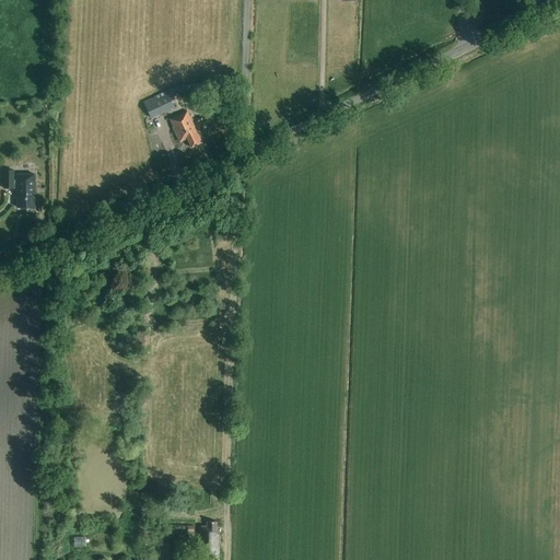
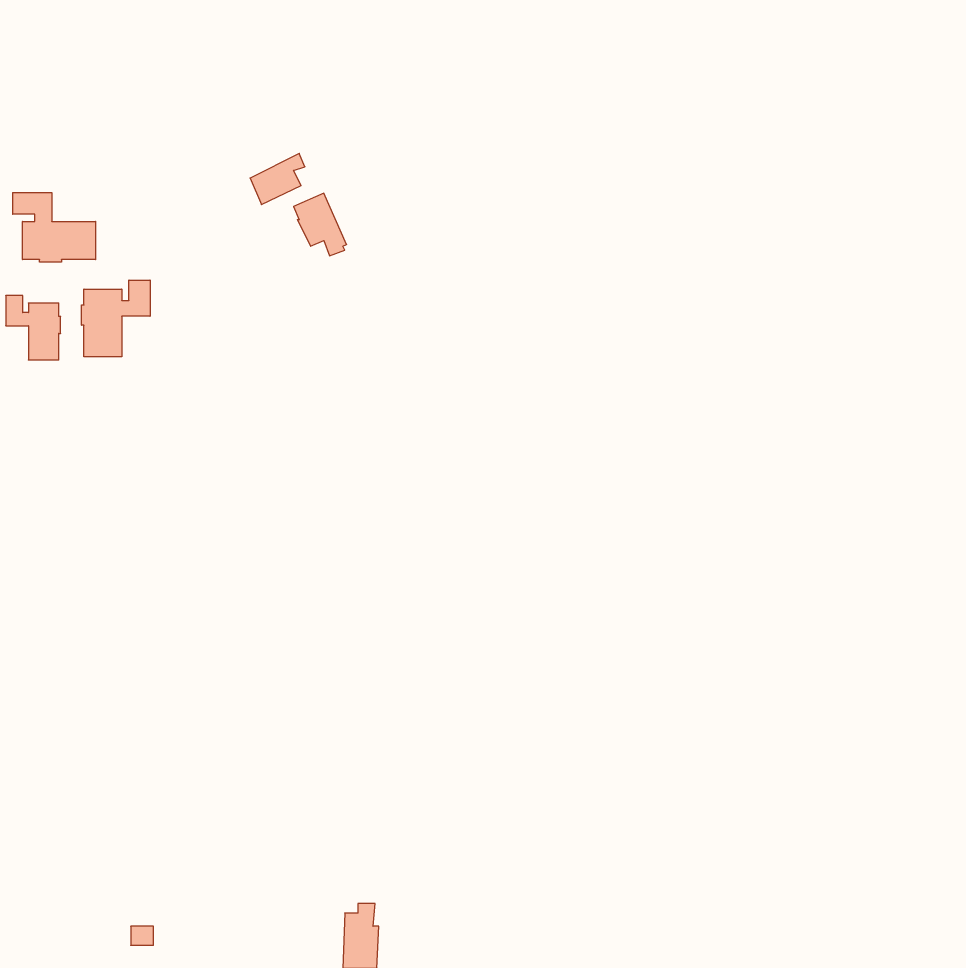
building: none -> [13,193,96,262]
building: none -> [82,280,150,357]

